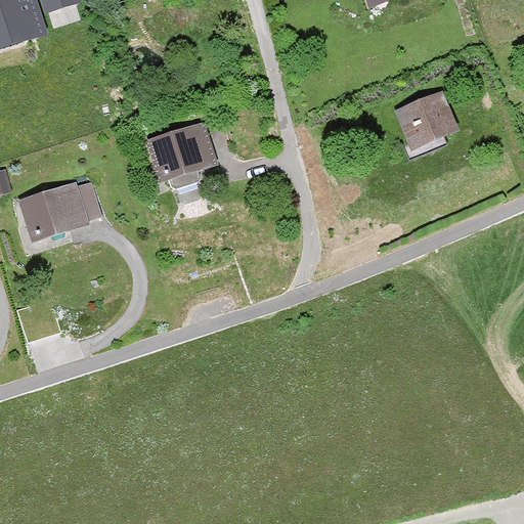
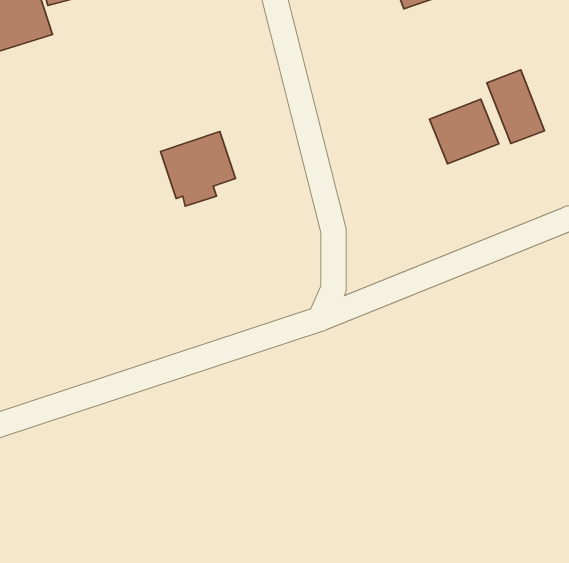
building: none -> [487,70,545,144]
building: [18,179,100,237] -> none

